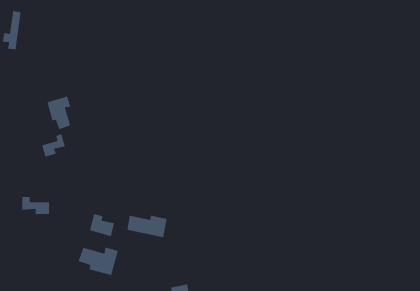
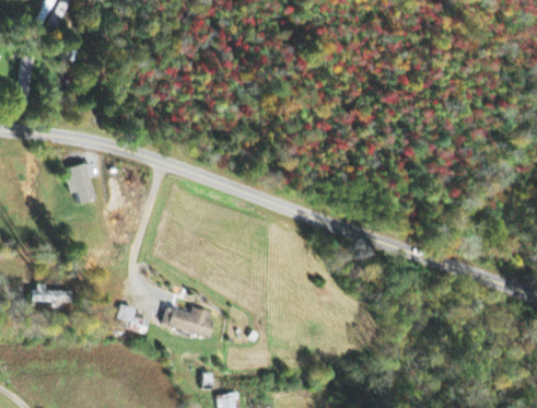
building: [41,133,66,158] -> none
building: [78,246,119,276] -> none

